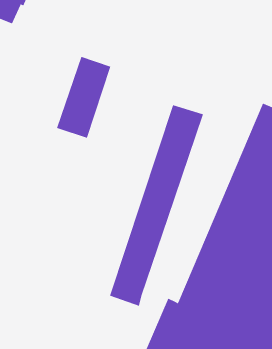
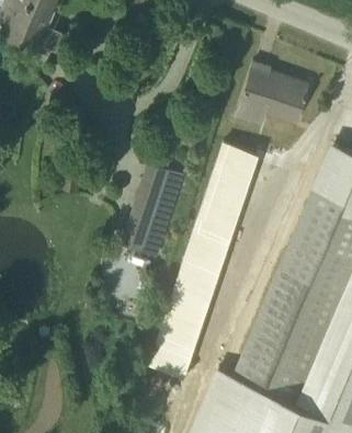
building: none -> [237,61,310,126]
building: [56,56,111,139] -> [123,163,186,259]

